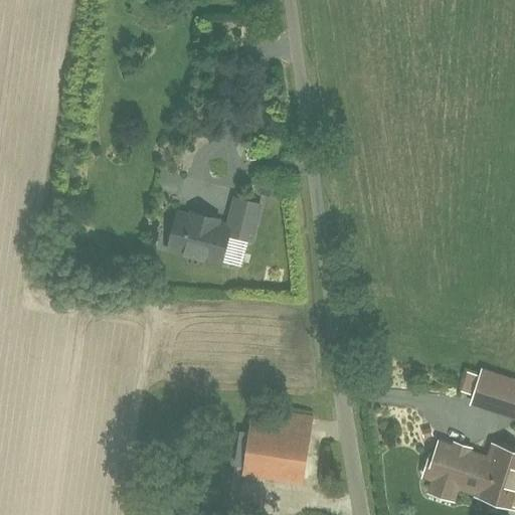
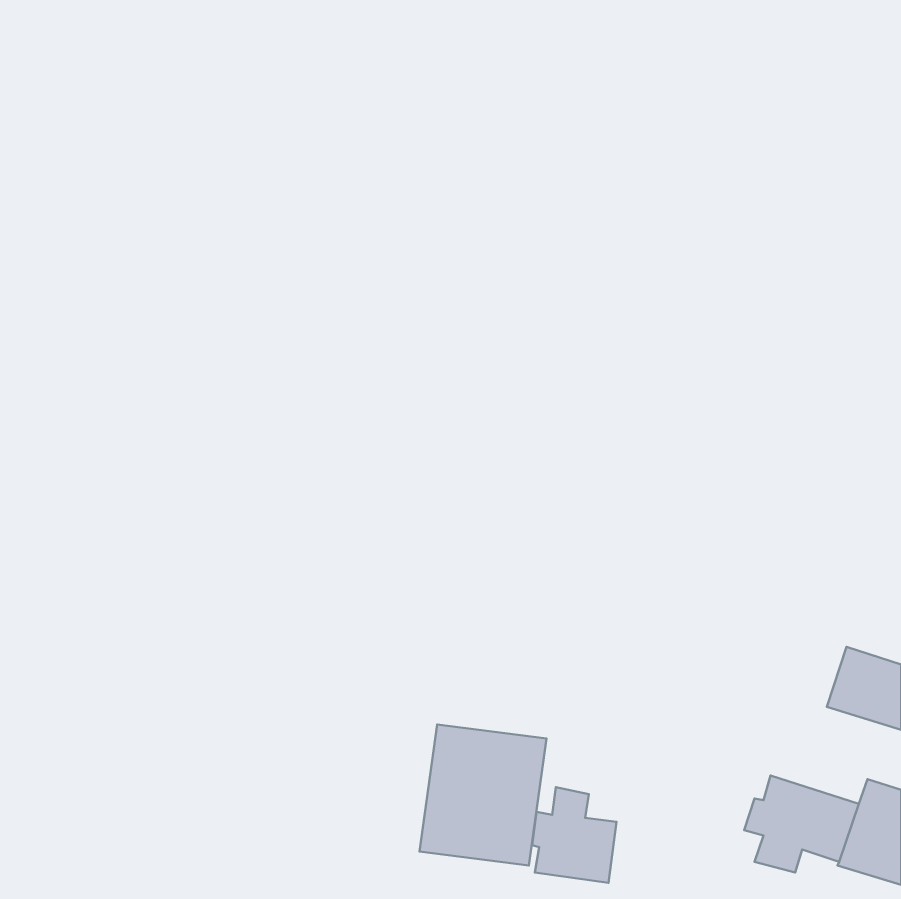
building: [166,191,263,268] -> none
building: none -> [532,787,616,883]

